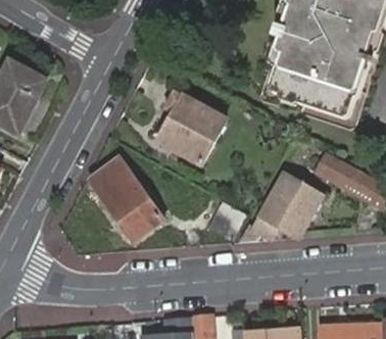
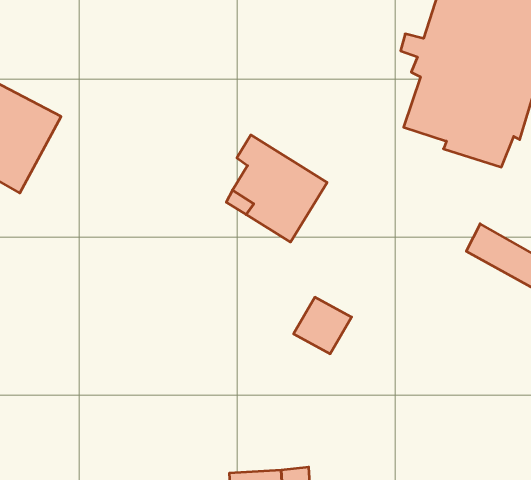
building: [91,160,161,240] -> none
building: [234,173,322,241] -> none

